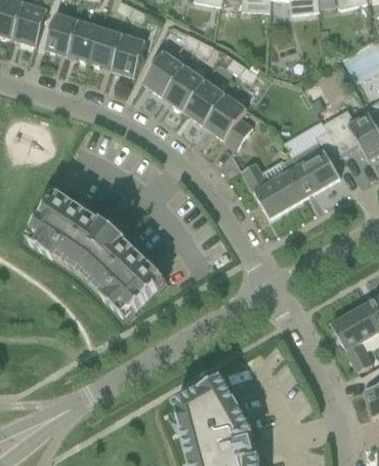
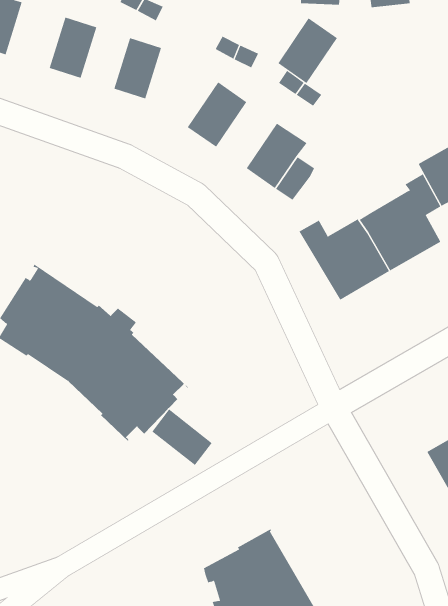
building: [44,12,78,55] -> none
building: [89,27,123,70] -> none
building: [141,50,184,96] -> none
building: [183,79,225,125] -> [277,18,338,84]
building: none -> [151,409,212,466]

